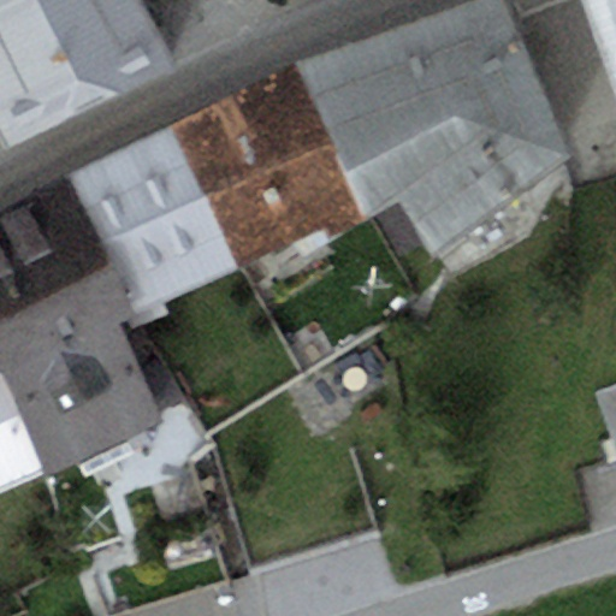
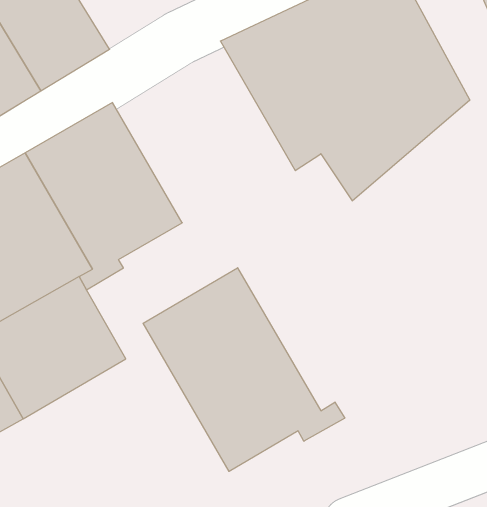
building: [168,67,368,268] -> none
building: none -> [143,268,345,471]

